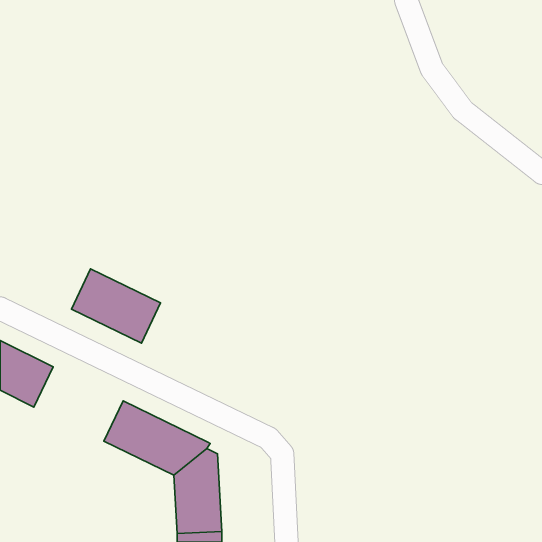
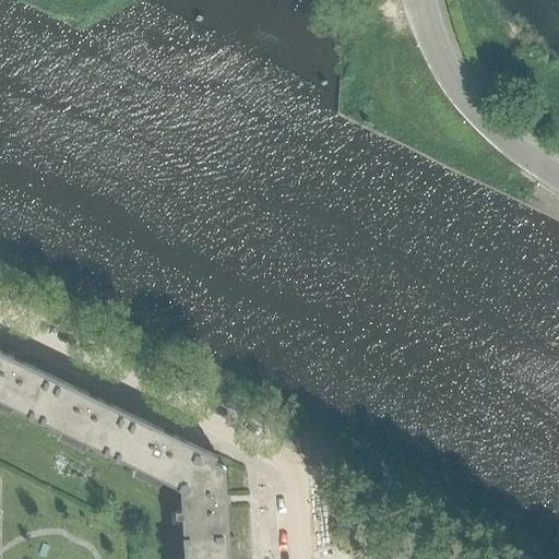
building: [71,269,161,343] -> [35,378,127,454]

